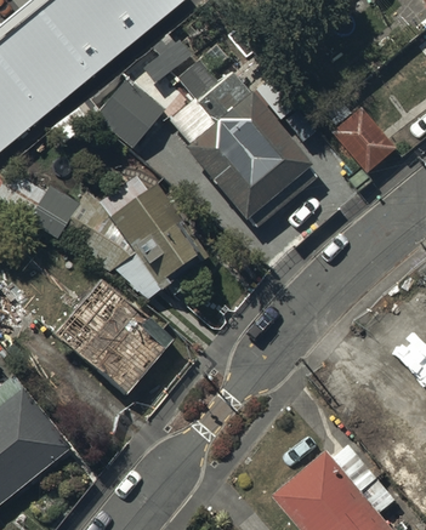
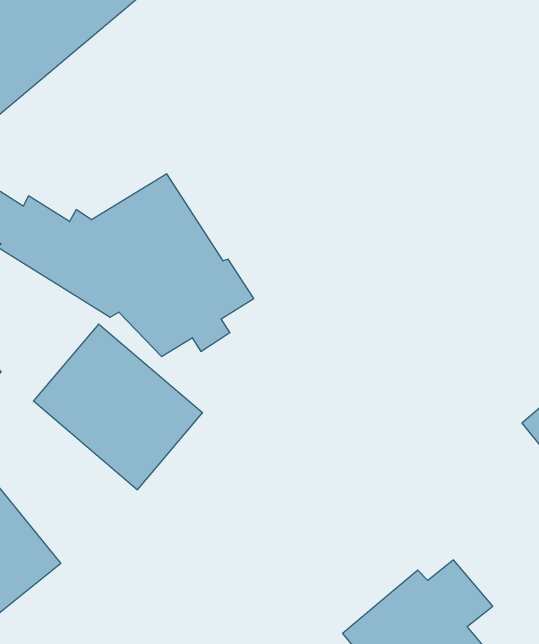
building: [169,62,316,228] -> none
building: [96,74,164,148] -> none
building: [333,106,401,173] -> none

